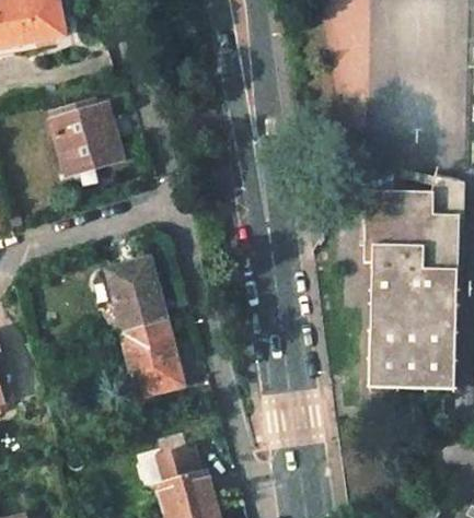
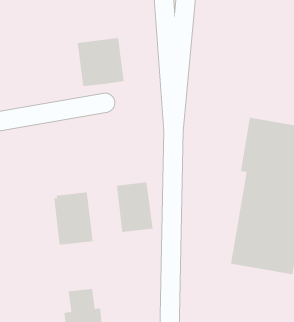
building: [50,101,122,173] -> [77,38,125,86]
building: [108,260,166,332] -> [116,182,153,232]

